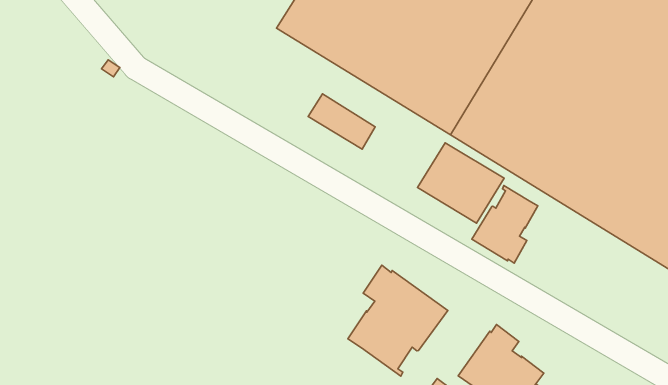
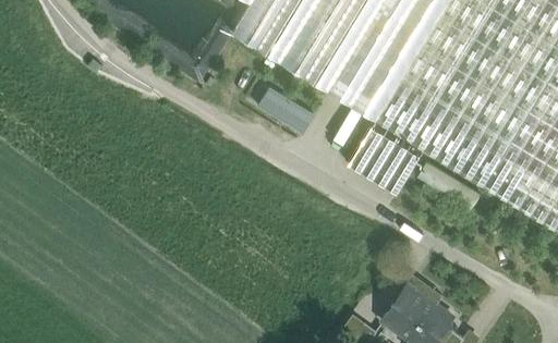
building: [472,186,538,263] -> none
building: [348,265,448,376] -> none

